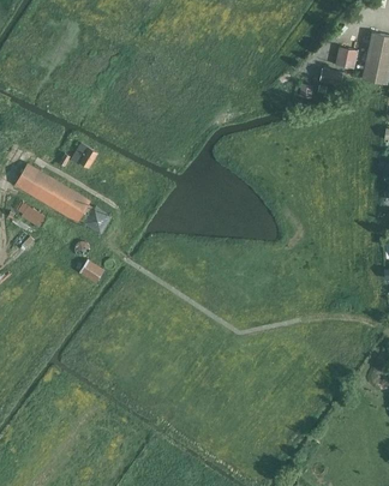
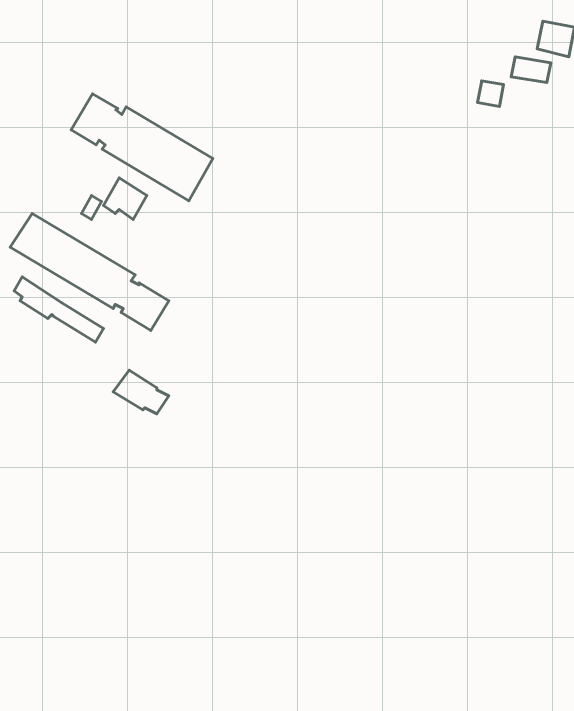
building: none -> [71,94,213,201]

